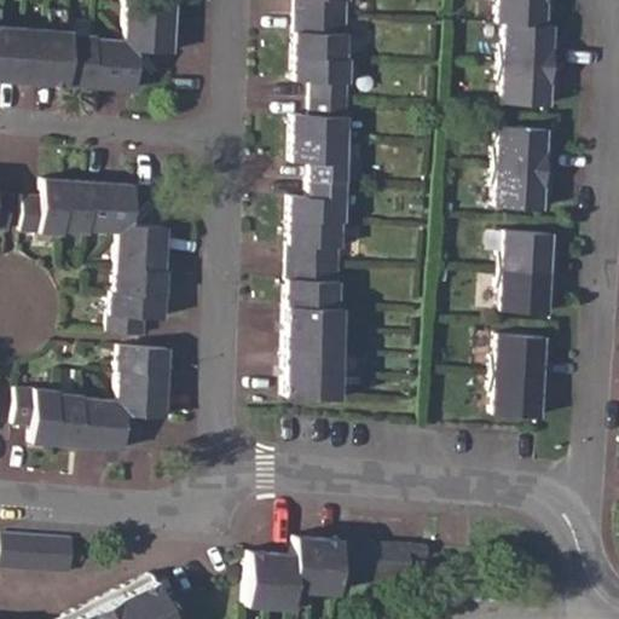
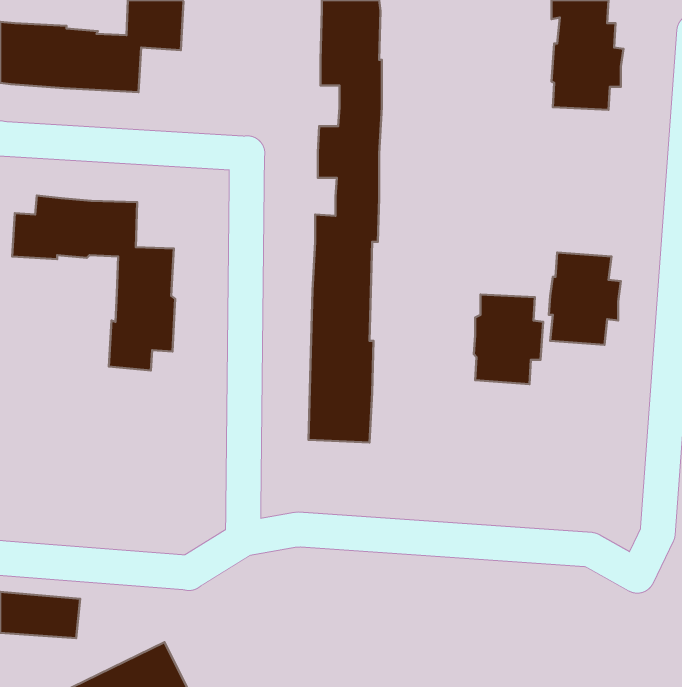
building: [493,127,559,208] -> none
building: [492,335,554,415] -> [474,295,543,384]
building: [18,346,172,451] -> none
building: [251,538,434,609] -> none

